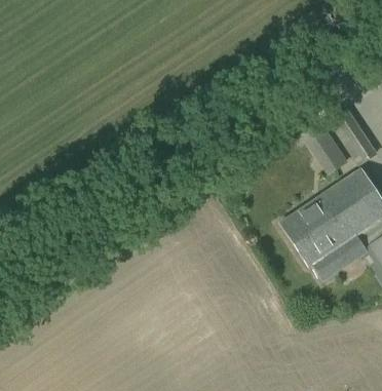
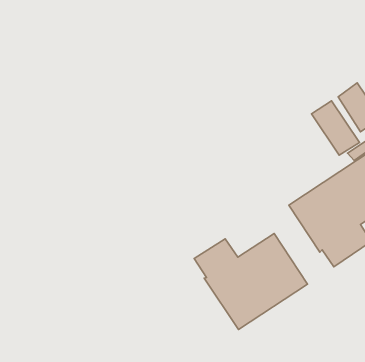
building: none -> [194,233,307,330]

